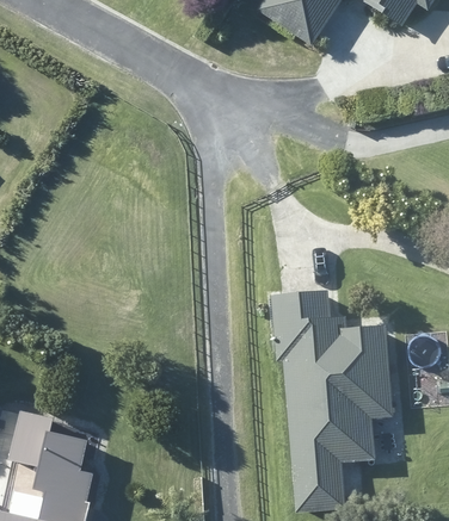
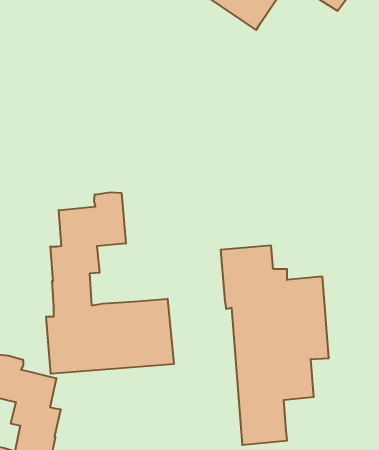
building: none -> [46,192,174,374]

